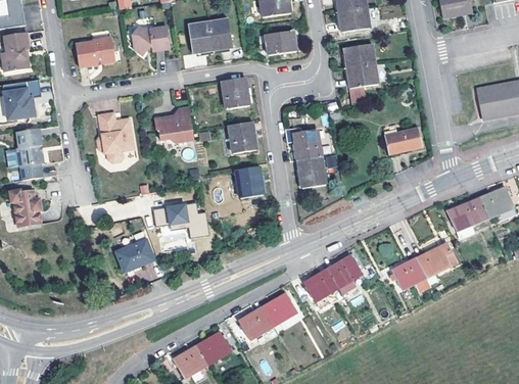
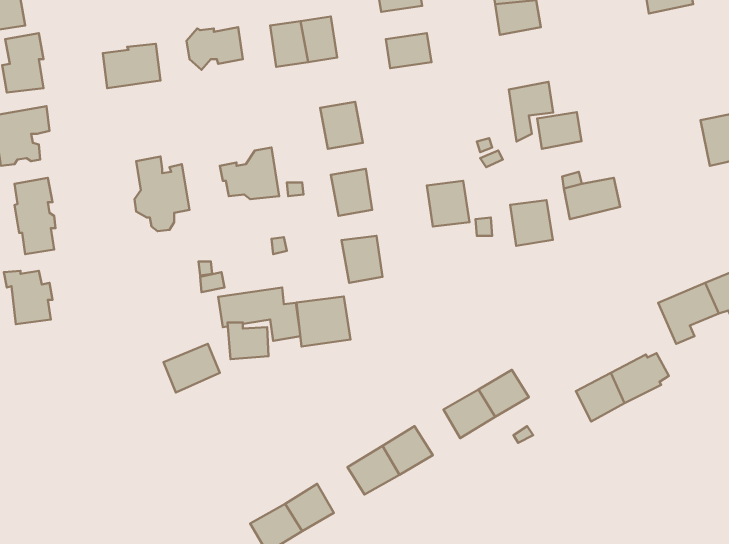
building: [345,43,375,67] -> [537,112,581,149]
building: [297,156,326,187] -> [510,200,553,246]
building: none -> [297,297,350,347]

